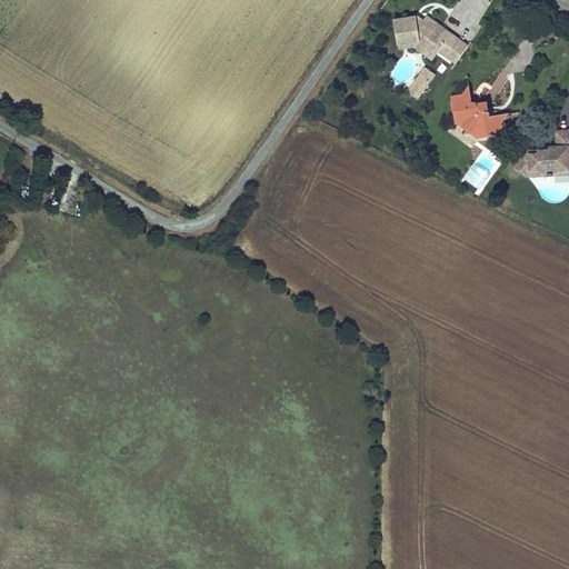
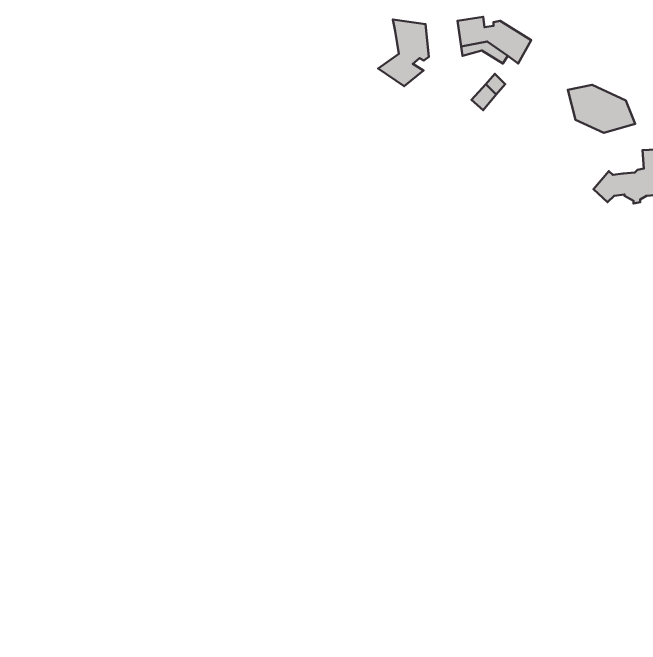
building: none -> [378,20,429,86]
building: [448,101,506,142] -> [568,85,635,133]

